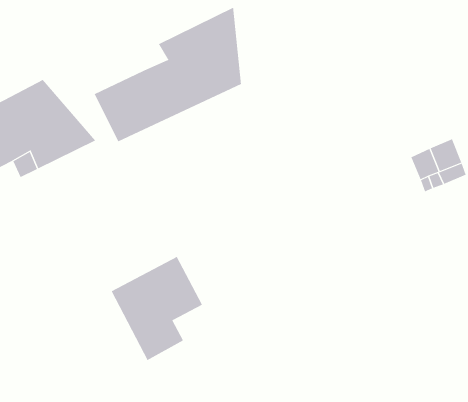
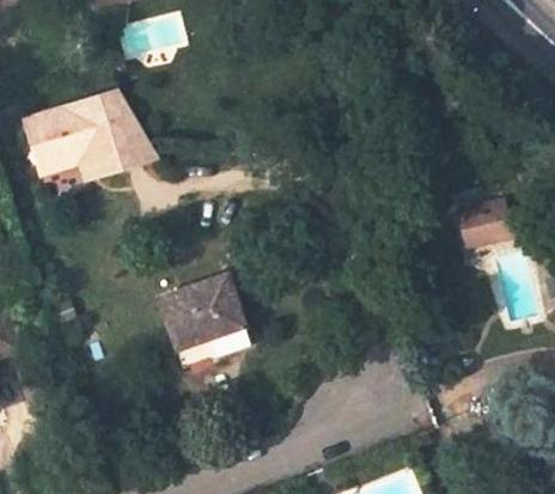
building: [94,7,242,142] -> none

